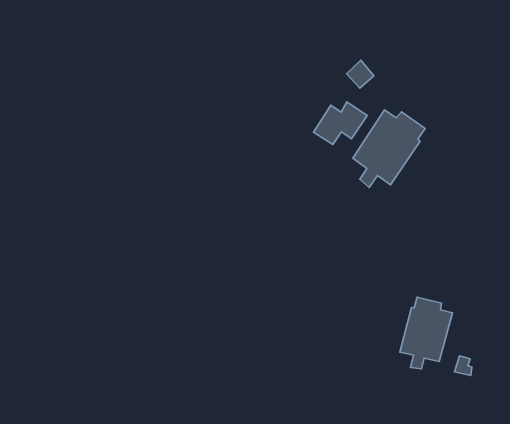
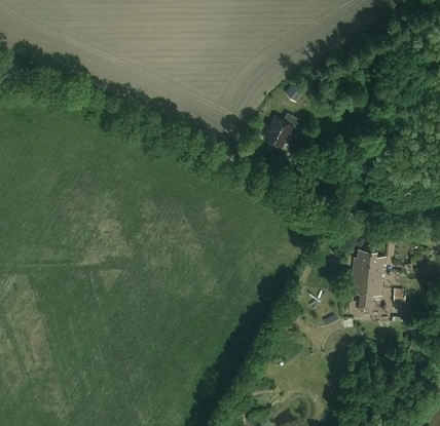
building: [353,110,425,187] -> none

